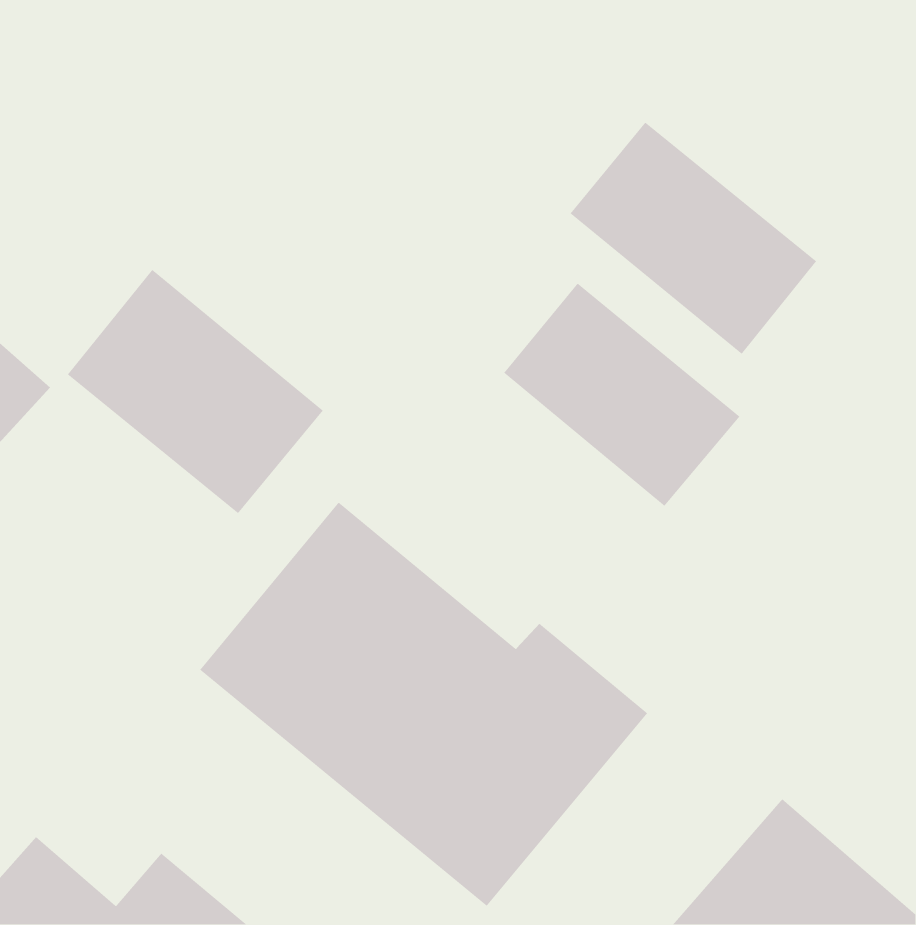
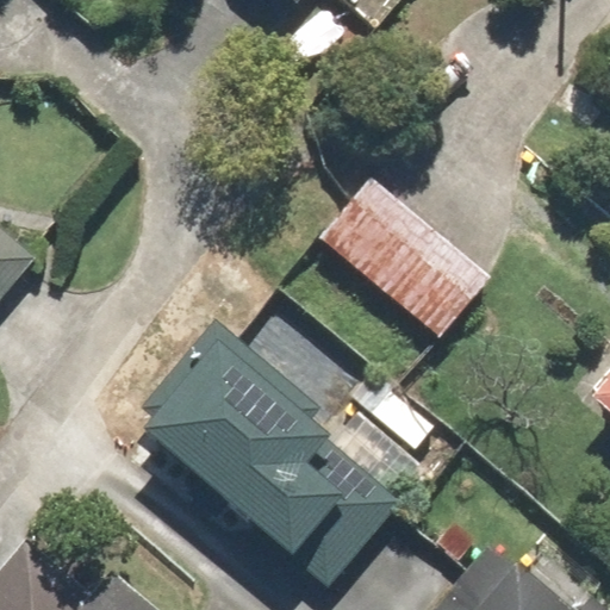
building: [569,121,817,355] -> none
building: [67,269,324,514] -> none

